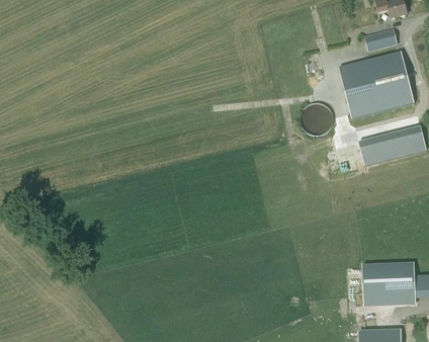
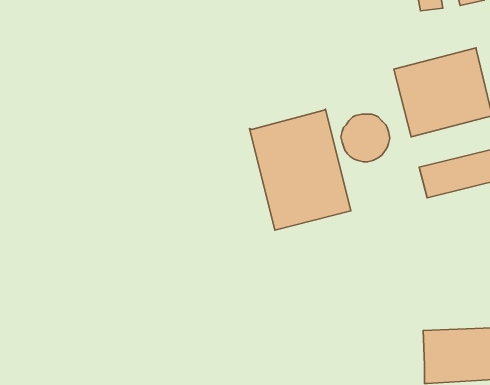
building: [364,27,398,50] -> none
building: none -> [249,109,351,230]

